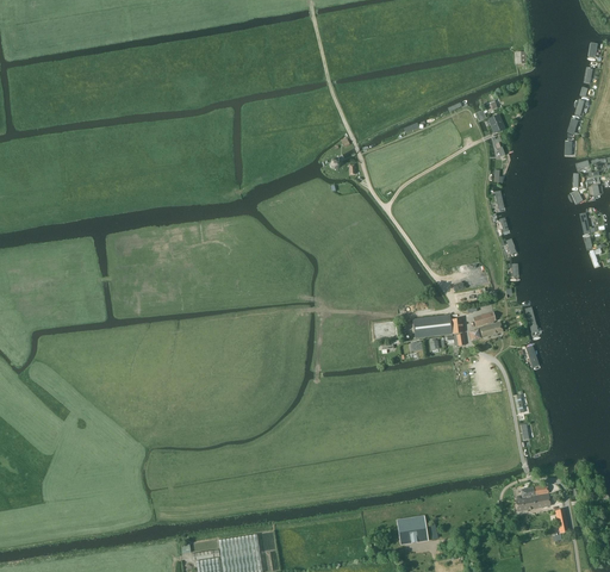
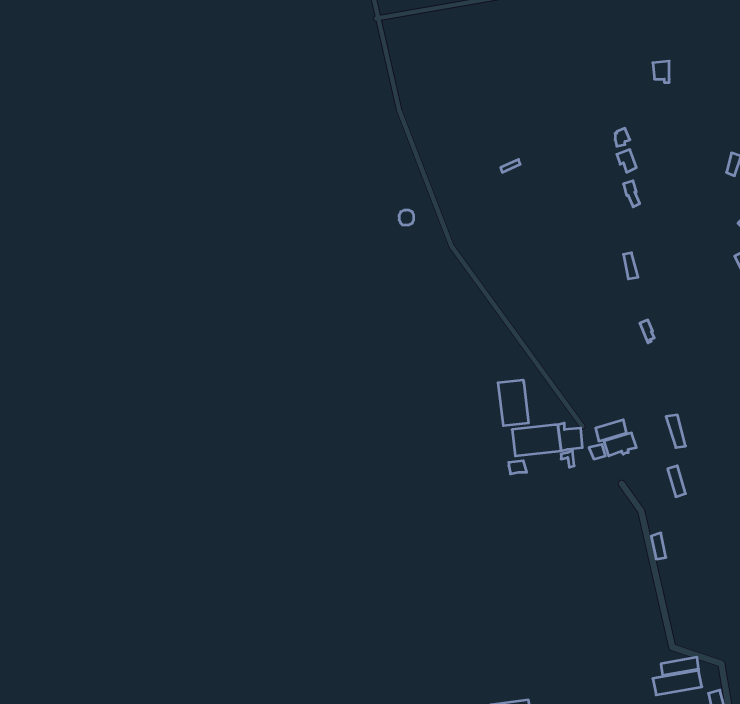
building: none -> [498,380,528,426]

